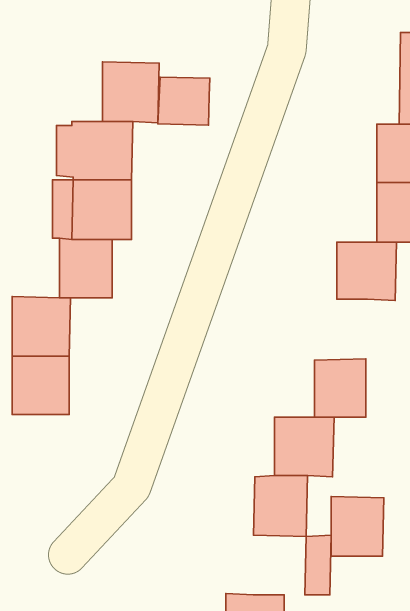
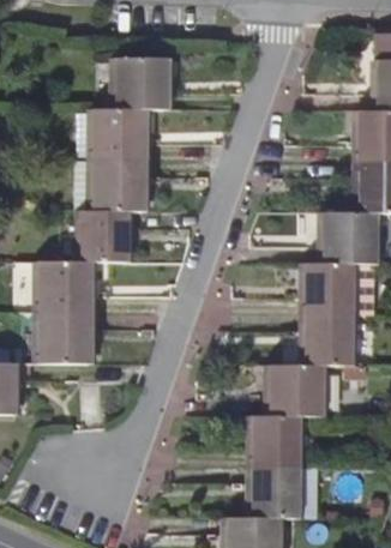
building: [158,77,210,125] -> none
building: none -> [302,263,372,315]
building: [331,497,384,556] -> [249,466,295,518]

